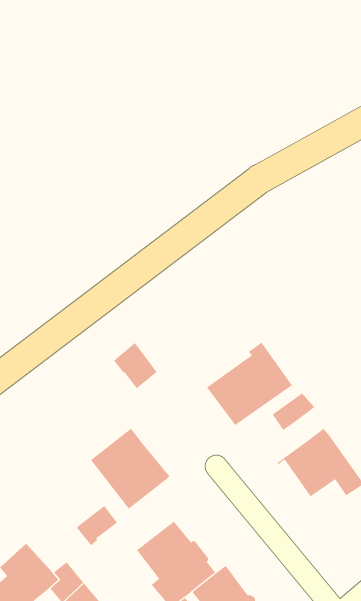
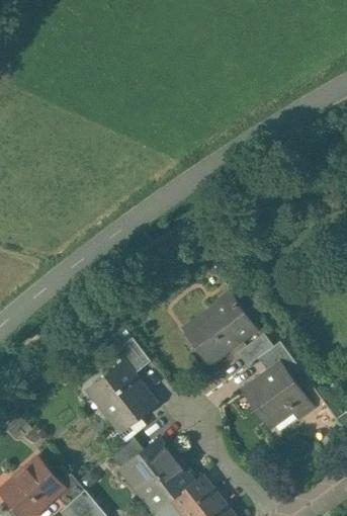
building: [113,342,158,389] -> [113,339,150,377]
building: none -> [257,343,295,374]
building: [76,505,118,546] -> [109,438,144,471]

